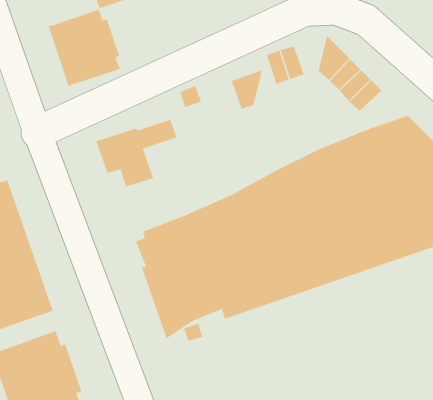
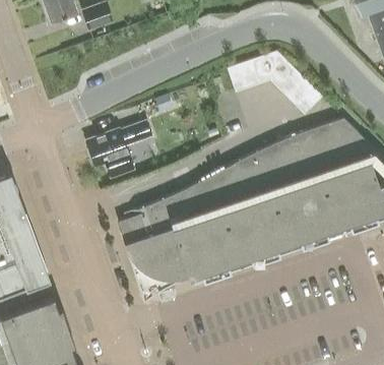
building: [48,9,120,87] -> none
building: [231,70,263,109] -> [248,53,274,85]

